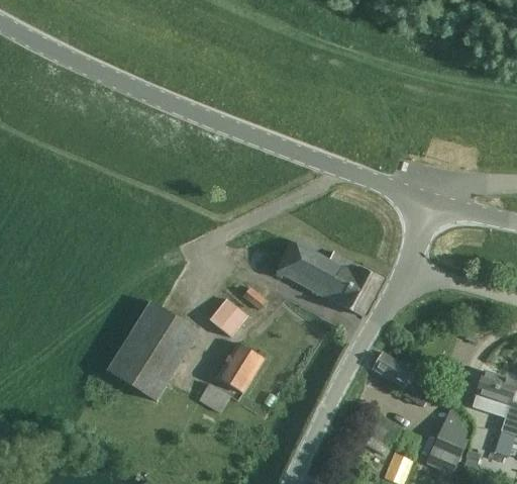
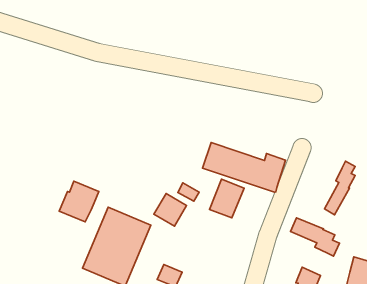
building: none -> [59,181,99,222]
building: none -> [325,161,355,215]
building: [216,342,264,392] -> [209,179,244,218]

